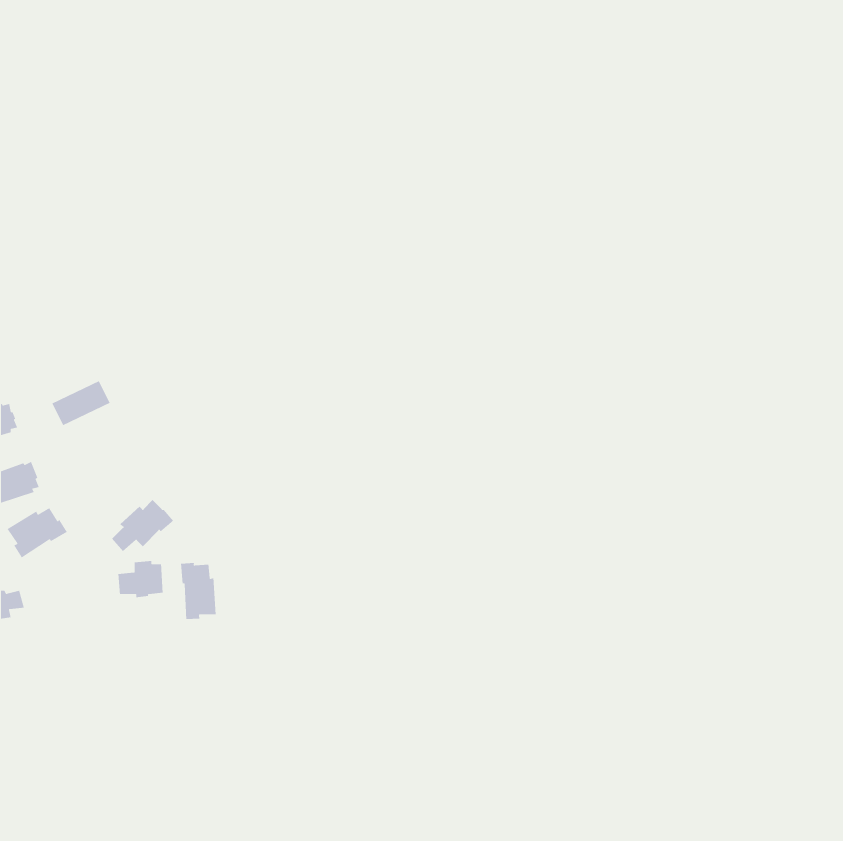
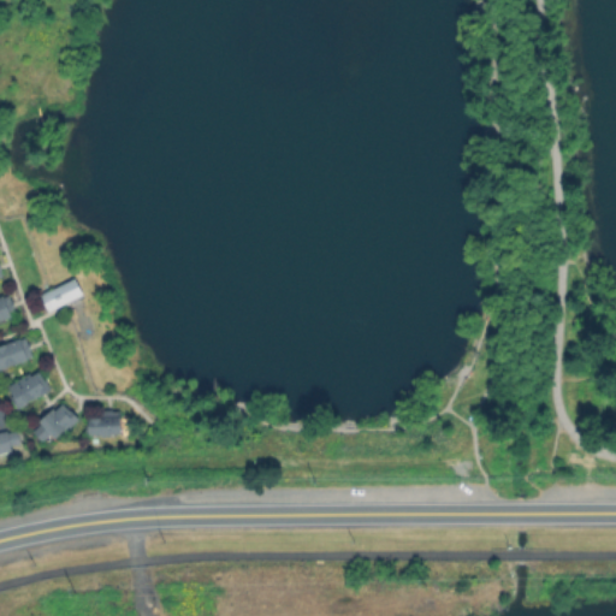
building: [111,499,174,552] -> [31,404,77,443]
building: [180,562,217,620] -> none

